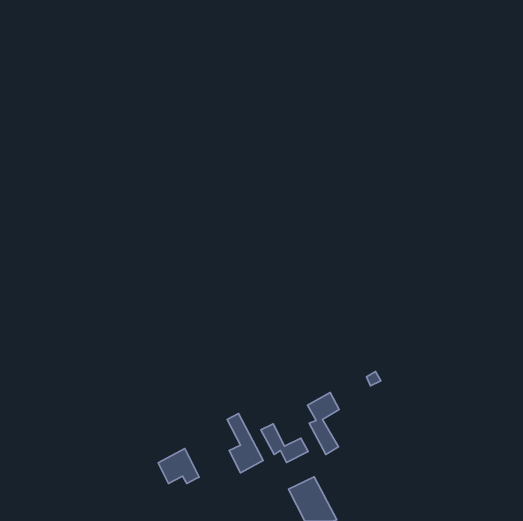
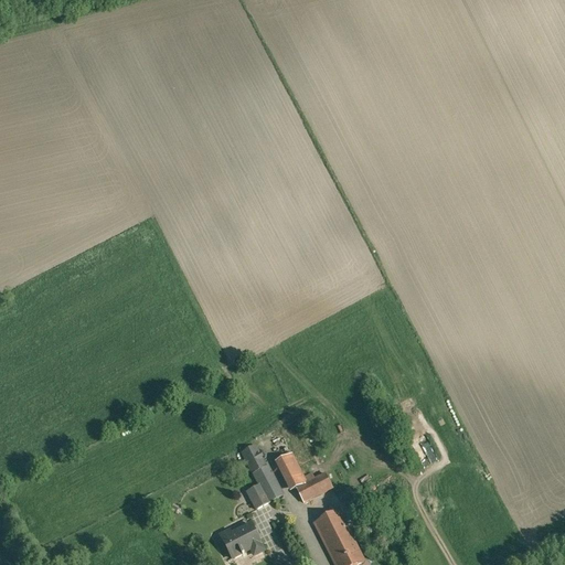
building: [308,393,339,454] -> none
building: [158,449,199,483] -> [218,519,263,556]

